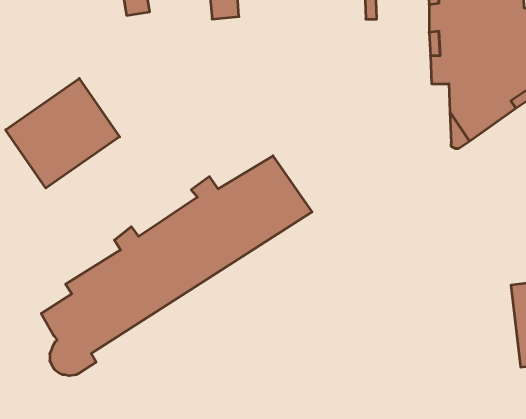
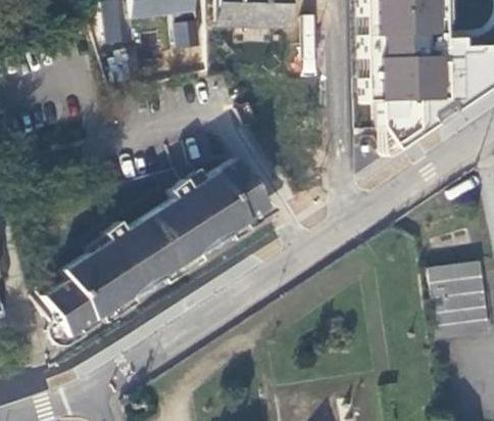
building: [6,78,120,188] -> none

